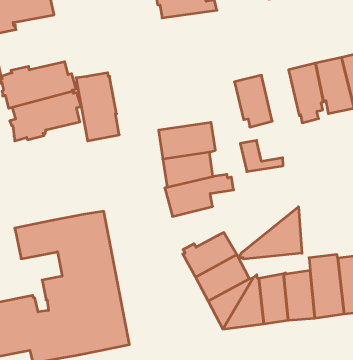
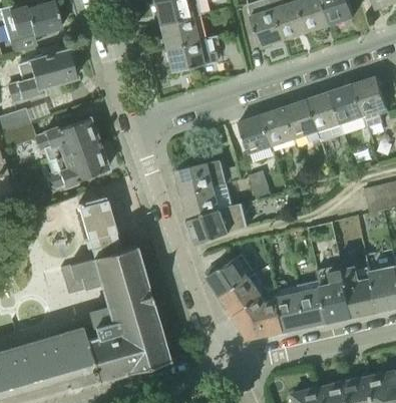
building: none -> [262,107,298,153]
building: [76,73,119,141] -> [77,196,119,258]
building: [239,207,302,259] -> none

